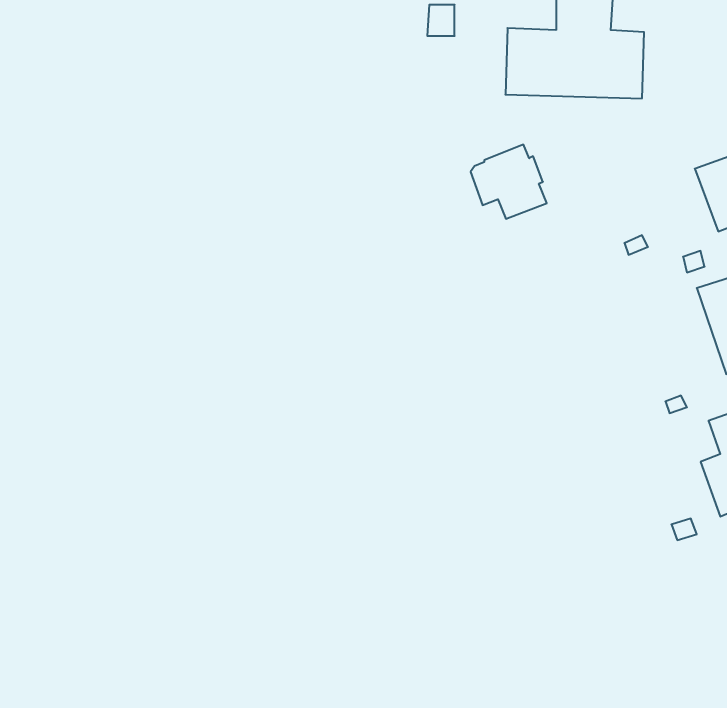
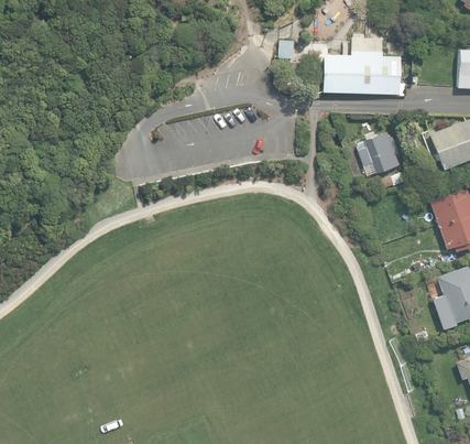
building: [471,145,547,219] -> [358,131,401,173]

